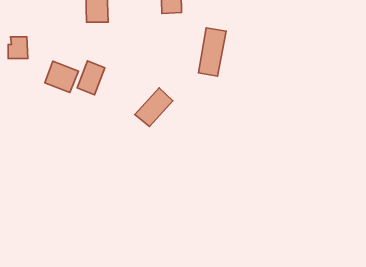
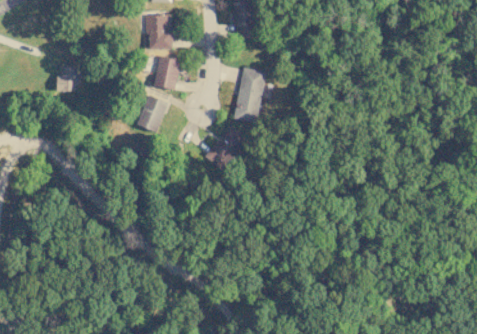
building: [198,28,226,76] -> [233,67,265,123]
building: none -> [154,57,178,89]
building: [45,61,78,93] -> none

